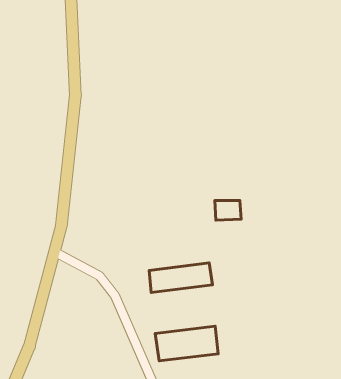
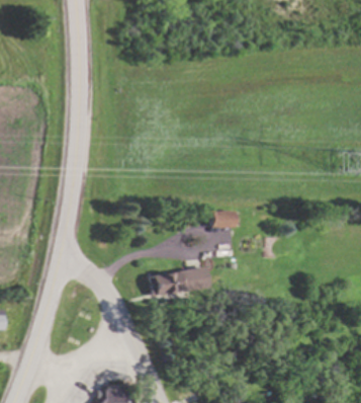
building: [155,326,218,361] -> none

